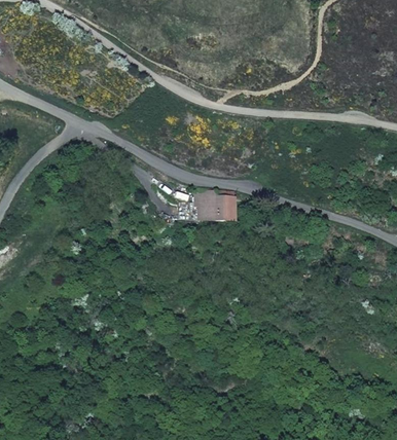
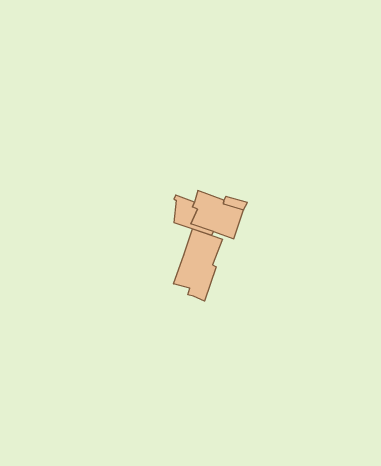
building: none -> [174,229,222,301]

